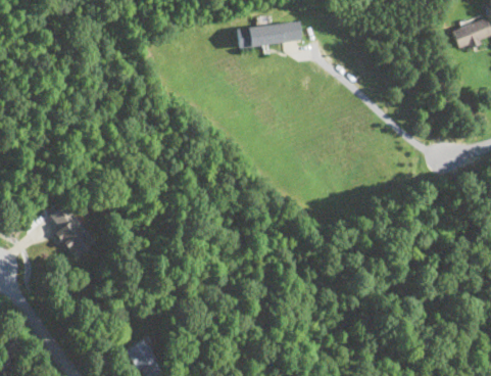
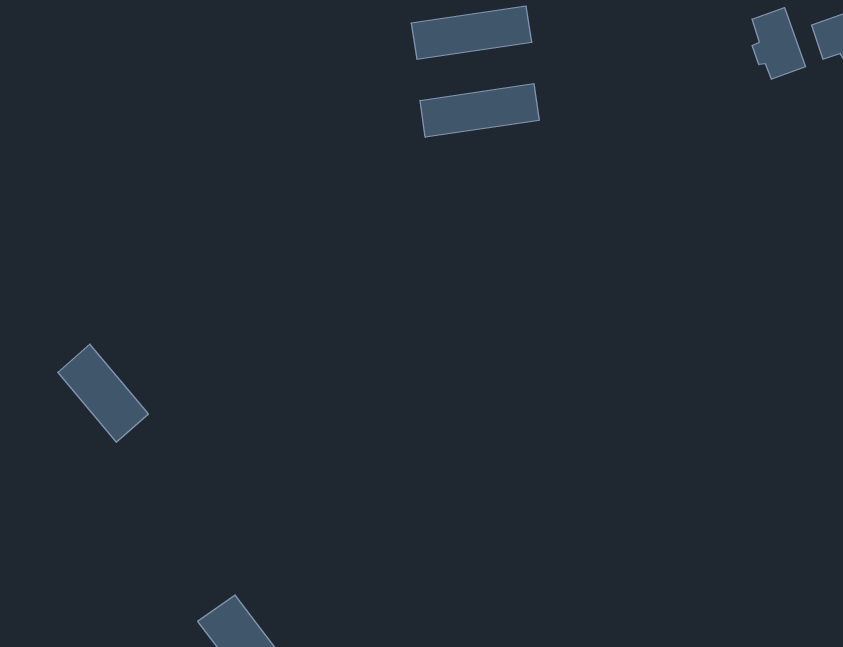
building: none -> [752,8,805,79]
building: none -> [420,84,539,137]

